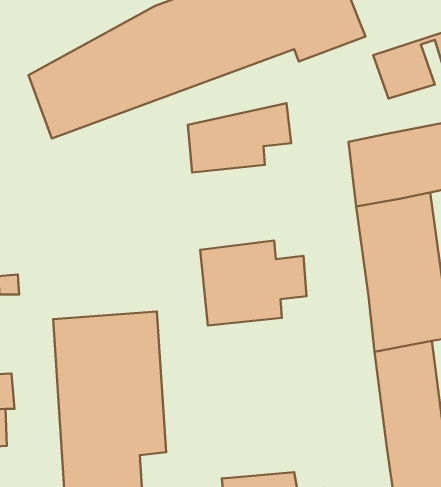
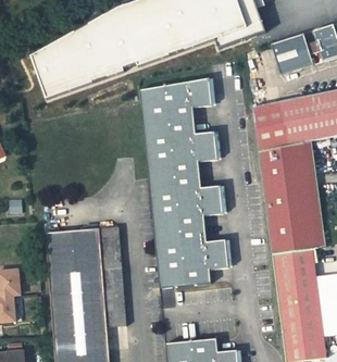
building: none -> [143,121,219,180]
building: none -> [154,228,230,288]

